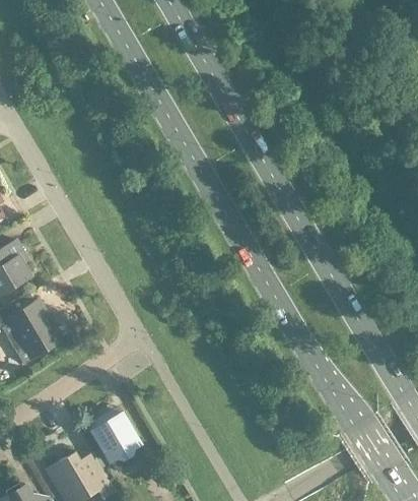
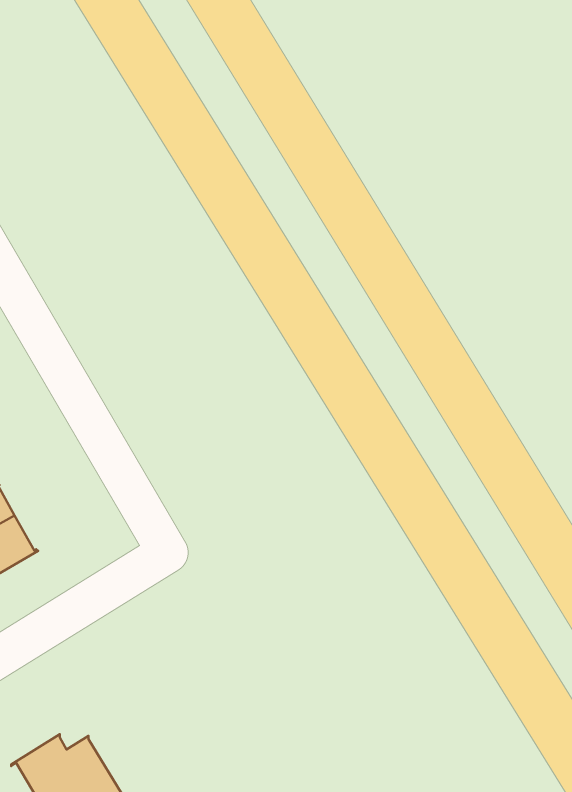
building: [92,415,139,461] -> none

